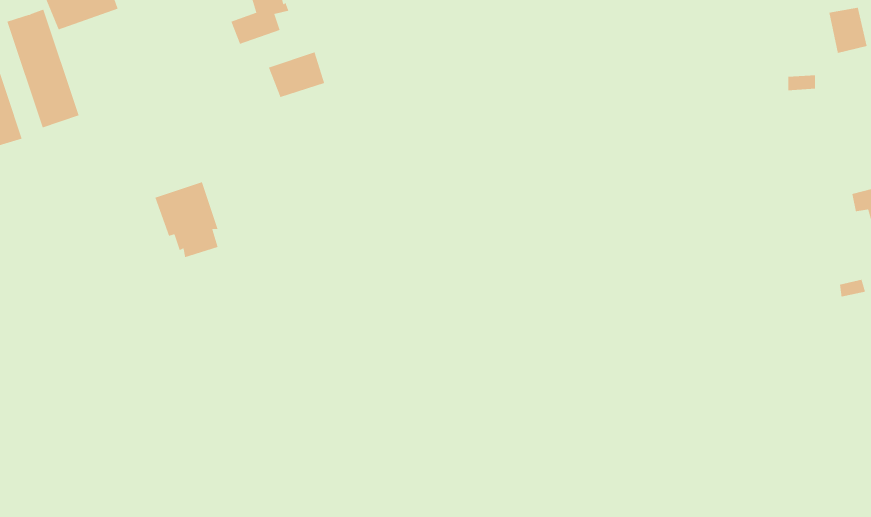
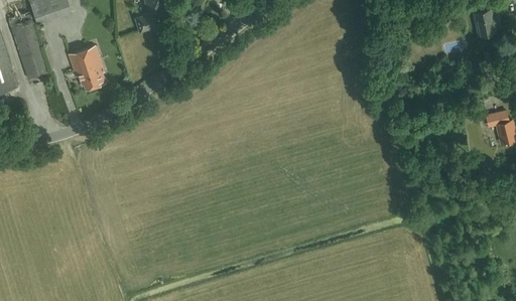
building: [268,52,325,98] -> none
building: [154,181,218,258] -> [68,45,104,89]

